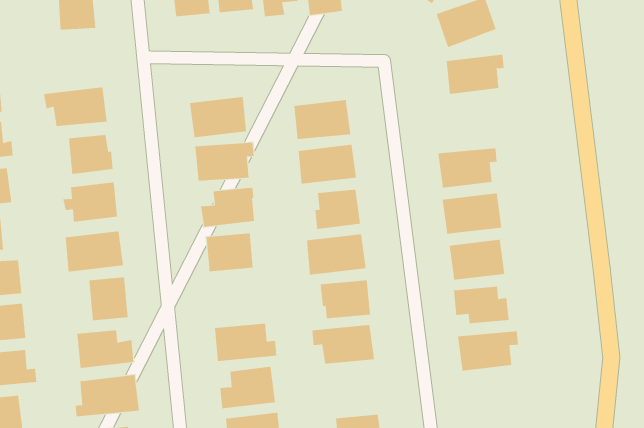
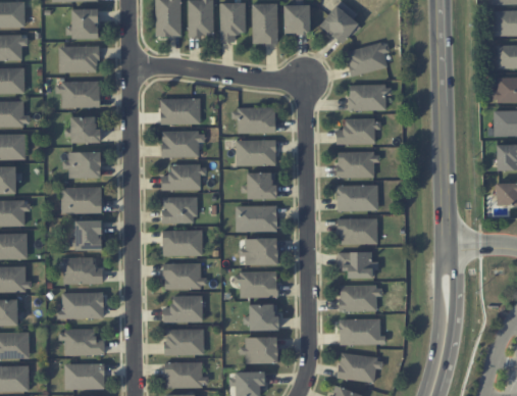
building: none -> [58,46,99,72]
building: none -> [337,118,374,144]
building: none -> [162,230,203,256]
building: none -> [249,304,278,331]
building: none -> [340,318,384,345]

